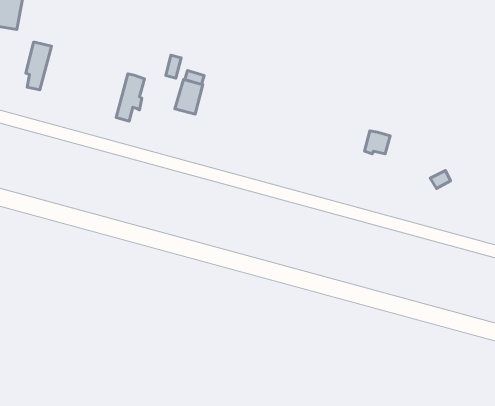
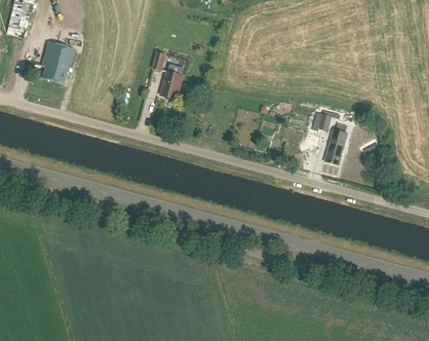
building: [116,74,145,121] -> [52,44,75,82]
building: none -> [324,129,348,164]

